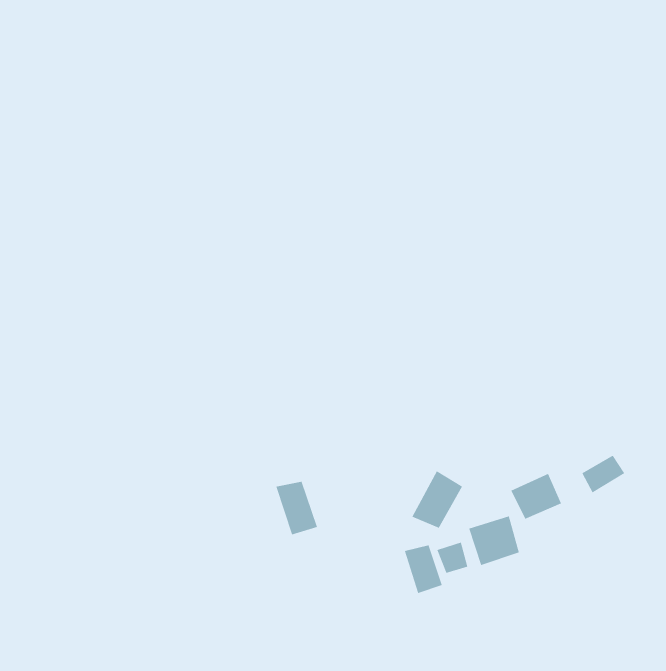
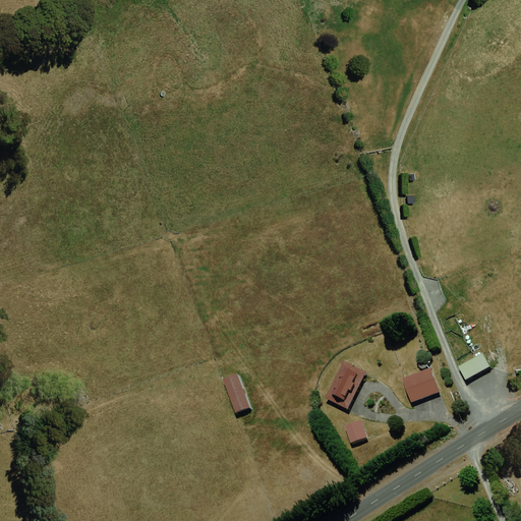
building: [468,515,519,566] -> none
building: [404,544,442,594] -> none

